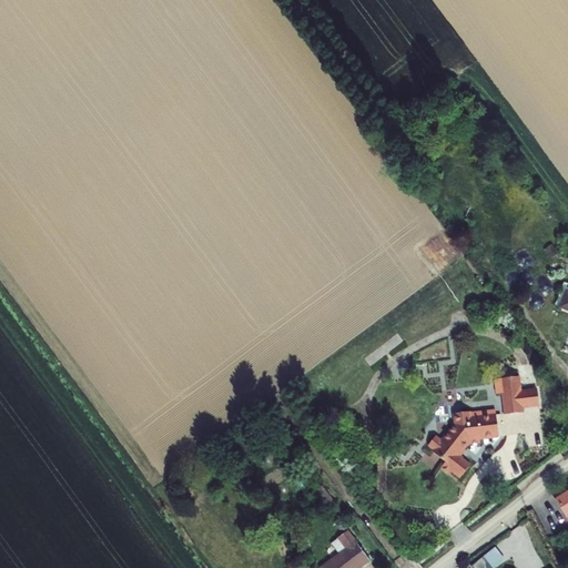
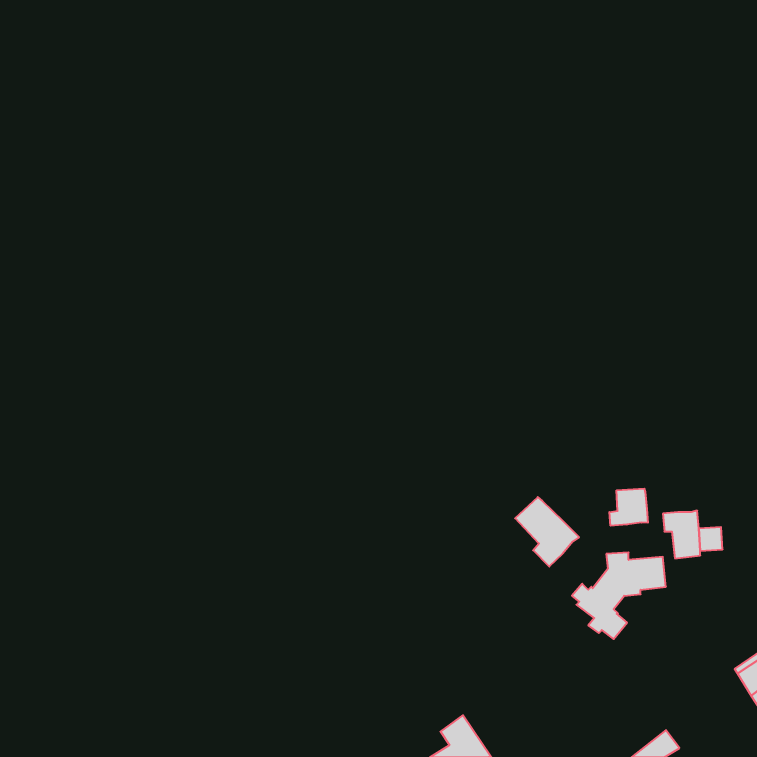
building: none -> [609,489,648,526]
building: none -> [515,497,579,567]

